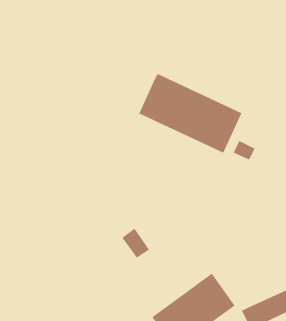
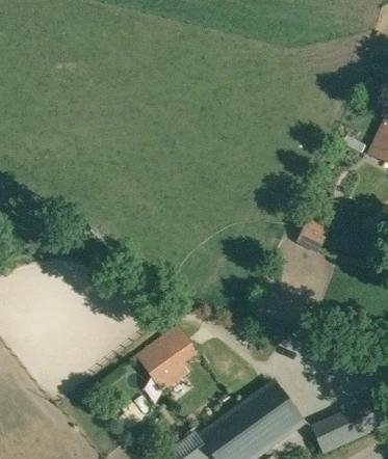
building: [139,73,242,154] -> none
building: none -> [136,336,188,390]

